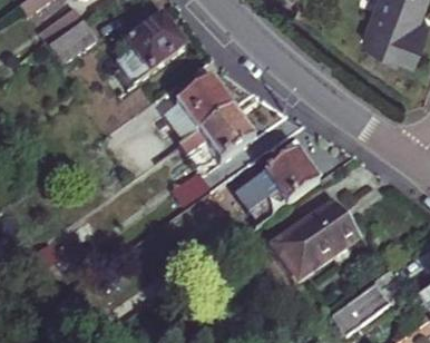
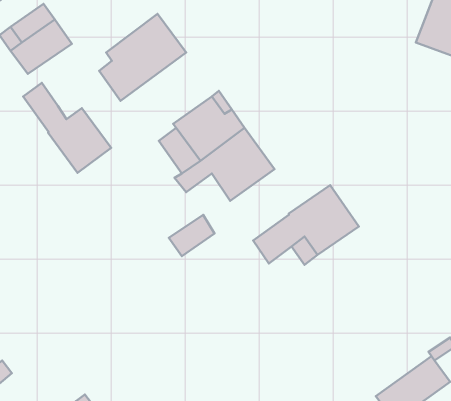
building: none -> [23,83,111,173]
building: [274,198,359,275] -> none

